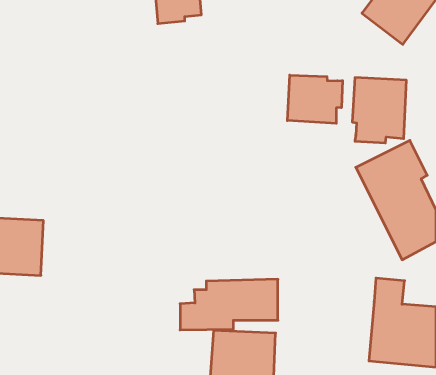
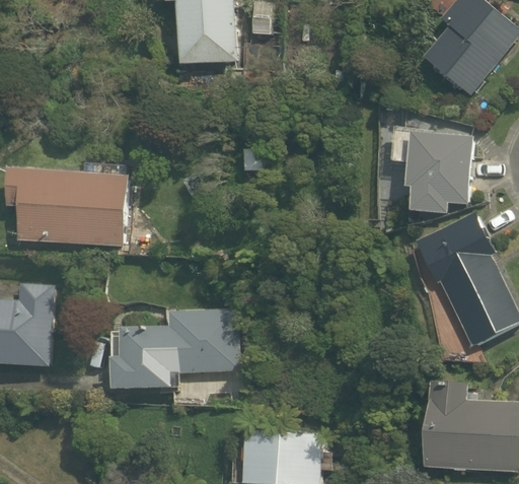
building: [287,75,343,123] -> none
building: none -> [7,165,128,248]
building: [180,279,278,330] -> [118,327,231,386]

